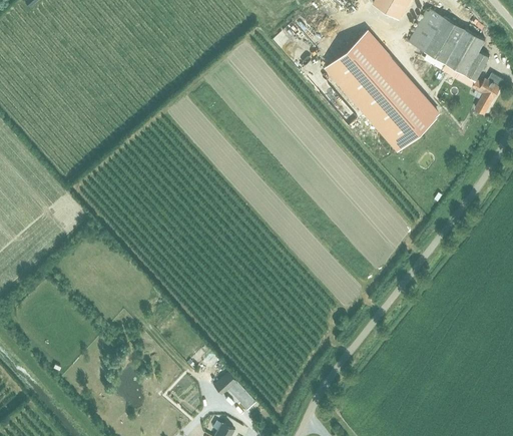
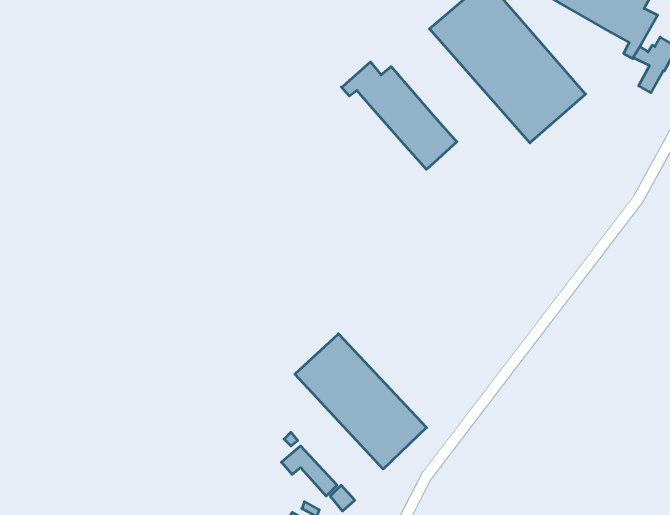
building: none -> [341,62,457,169]
building: none -> [295,334,427,469]

